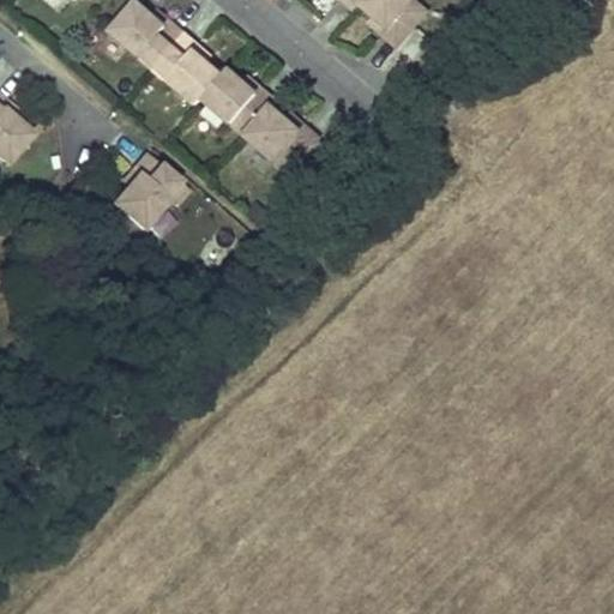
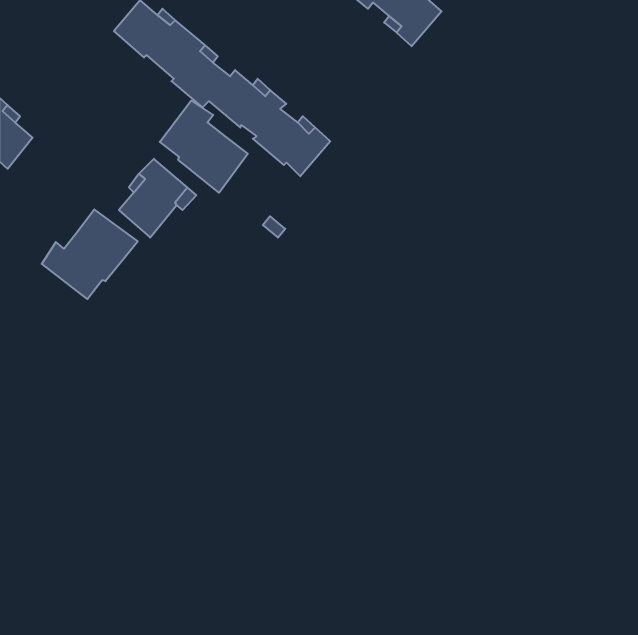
building: none -> [160,101,248,193]
building: none -> [42,209,138,299]

